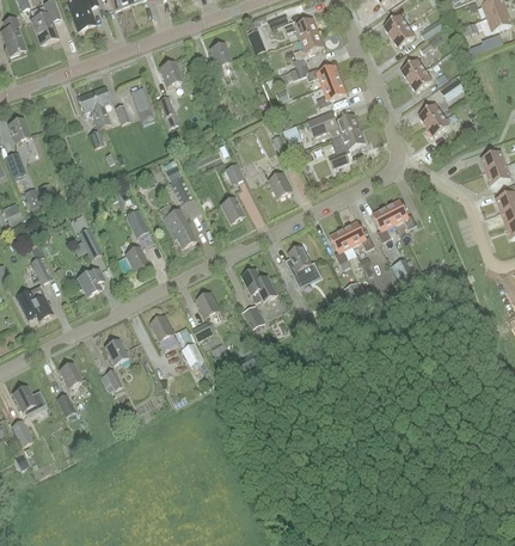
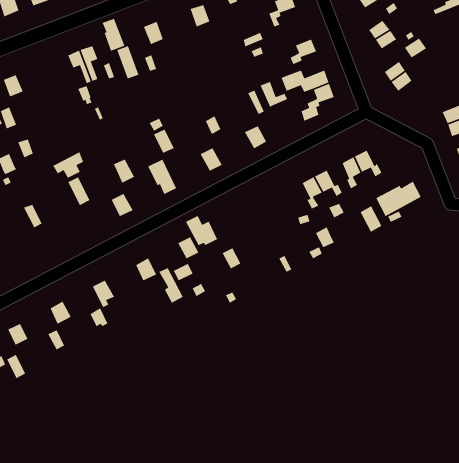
building: none -> [102,18,126,52]
building: [290,63,341,86] -> none
building: none -> [375,181,422,217]
building: [286,245,321,287] -> none
building: [70,265,105,295] -> [52,151,84,179]
building: [241,268,277,301] -> [185,215,218,246]
building: [17,286,54,320] -> none

